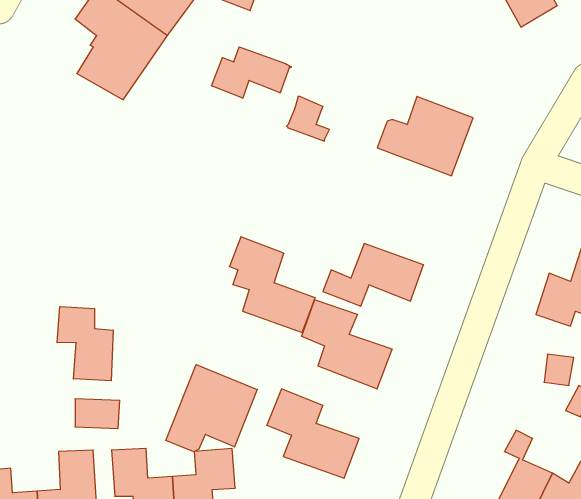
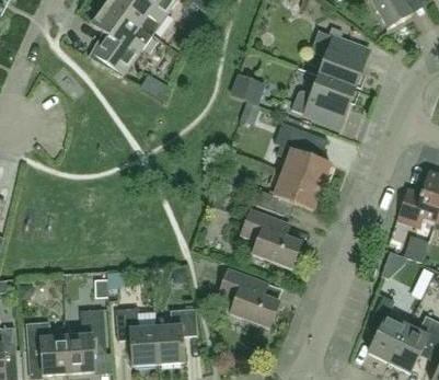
building: none -> [311,28,369,88]
building: [212,47,291,98] -> none
building: [229,237,315,333] -> [274,122,331,185]
building: [57,307,113,381] -> none
building: [166,365,257,452] -> none

